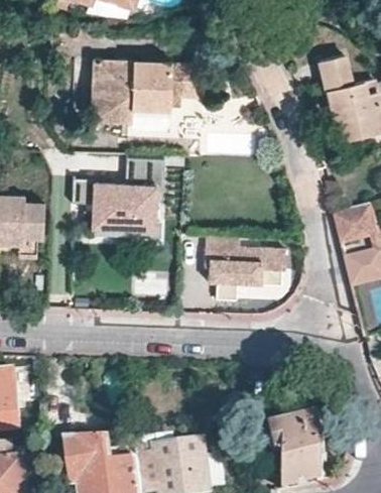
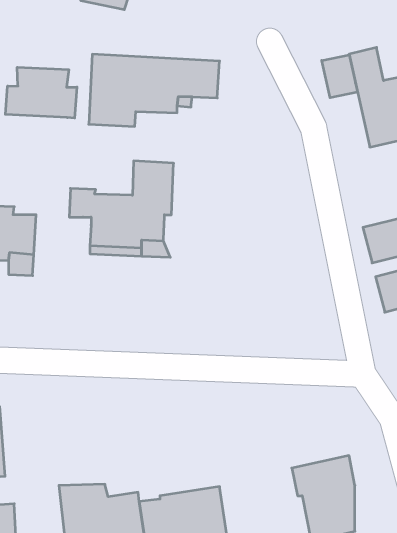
building: none -> [322,55,358,98]
building: none -> [5,67,77,118]
building: [206,235,286,299] -> none

